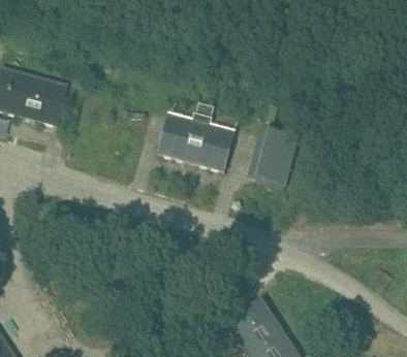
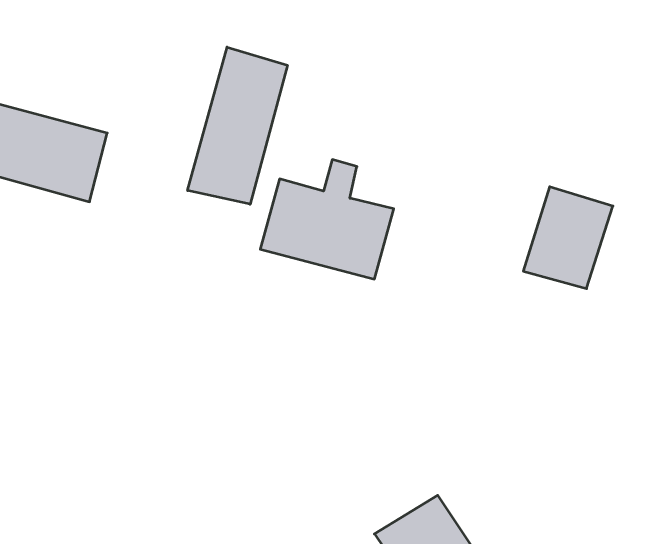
building: none -> [188,47,287,204]
building: [247,125,300,185] -> [523,187,613,289]

